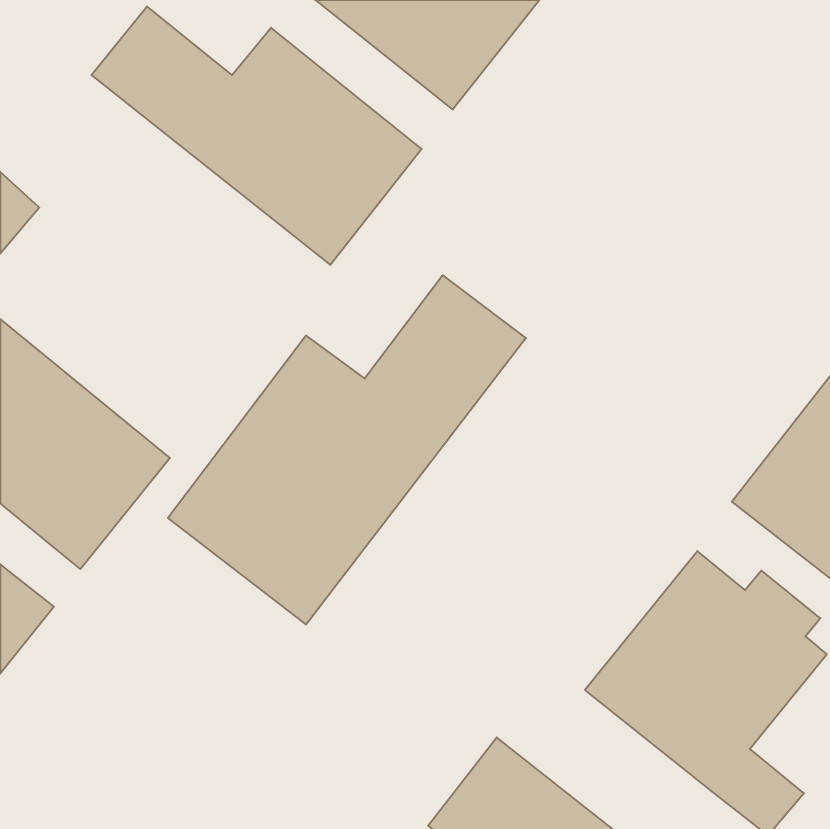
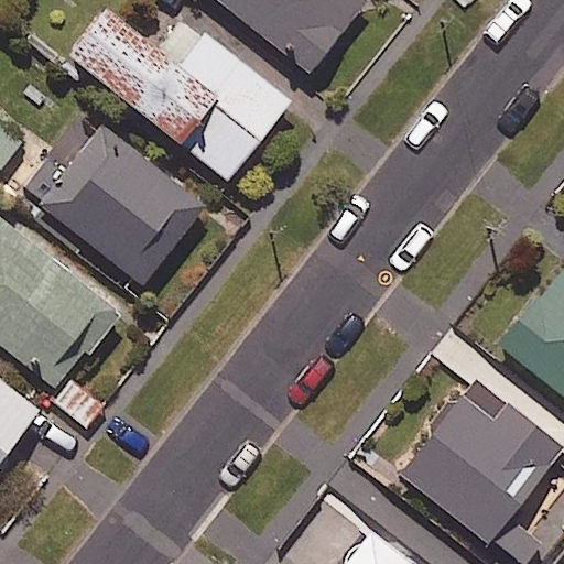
building: none -> [18,123,202,282]
building: [168,275,526,625] -> none

